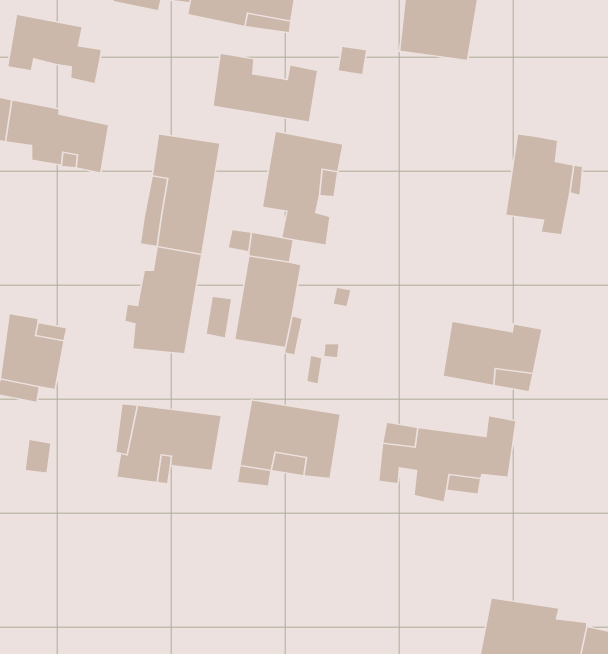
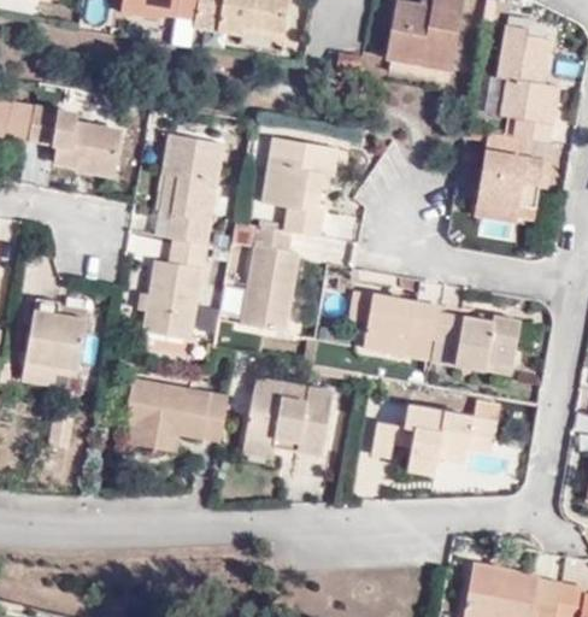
building: [8,14,101,84] -> none
building: none -> [502,28,558,142]
building: [213,53,318,122] -> none
building: none -> [345,286,437,380]

